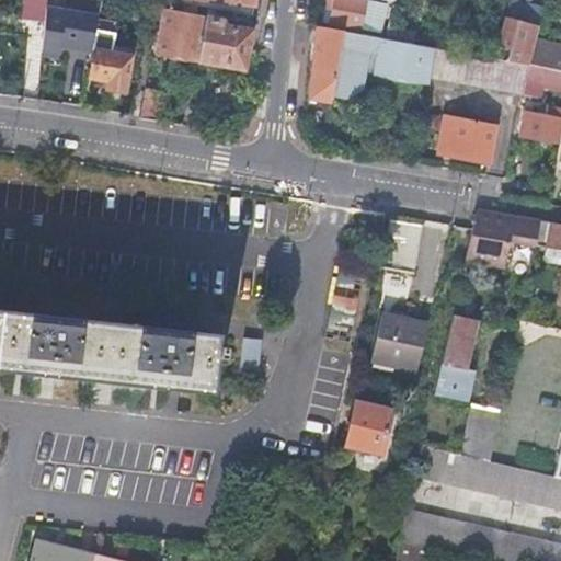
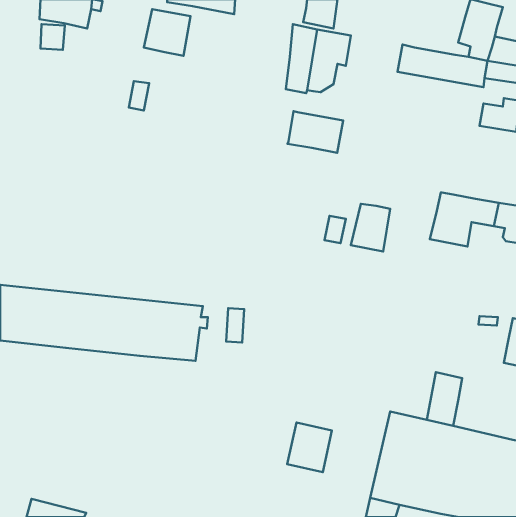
building: [201,18,253,69] -> none
building: [375,38,435,83] -> [288,111,343,153]
building: [90,47,134,92] -> none
building: [440,118,497,162] -> none
building: [374,311,430,367] -> none
building: [436,314,479,401] -> none
building: [347,400,396,454] -> [287,422,332,472]

